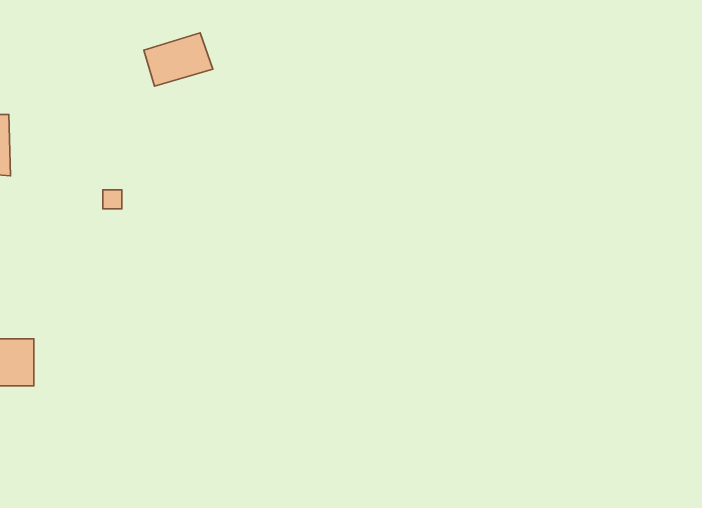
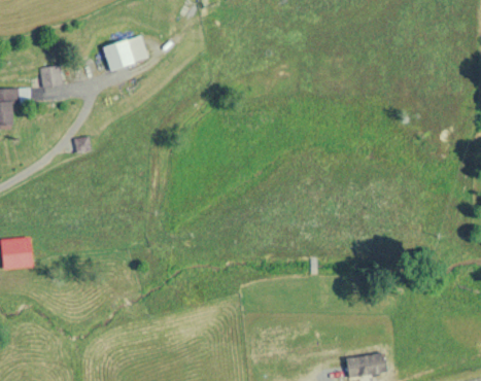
building: none -> [38,65,62,90]

